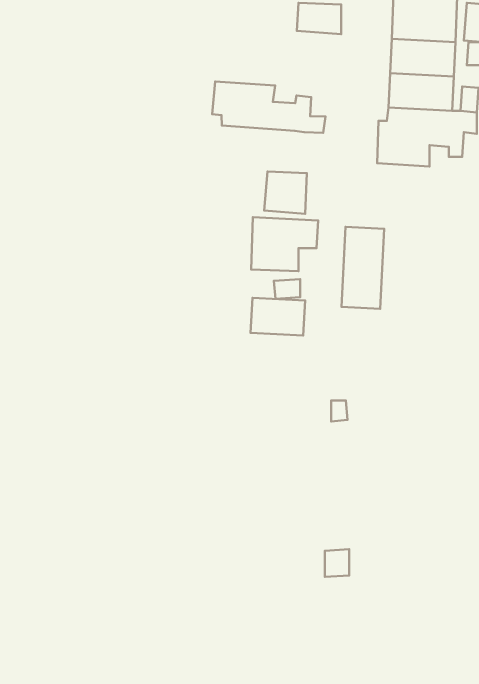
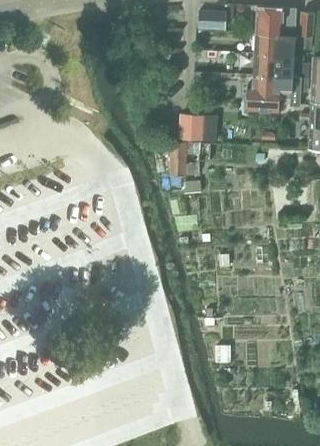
building: [212,81,325,133] -> none
building: [341,227,384,309] -> none
building: [251,298,305,335] -> none

